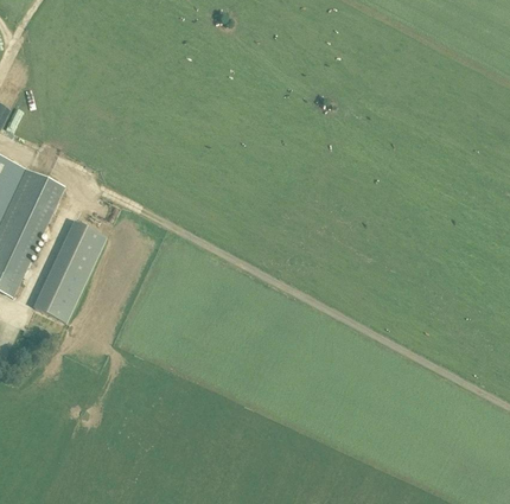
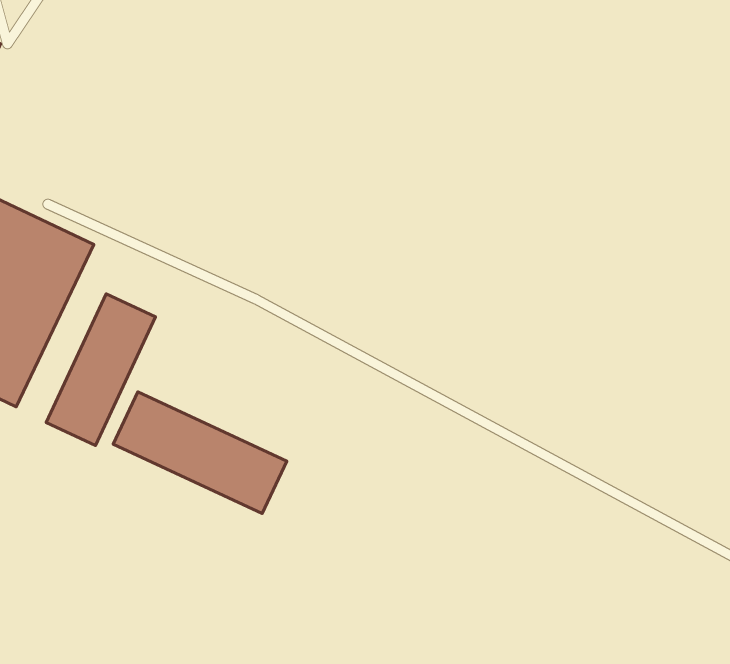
building: none -> [113,392,287,514]

